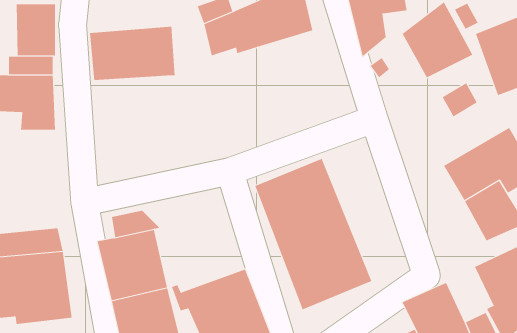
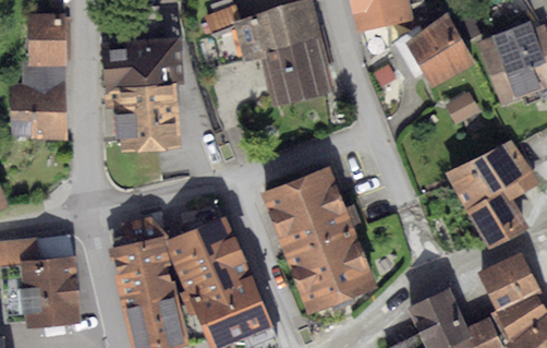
building: none -> [265,40,333,105]
building: none -> [104,85,180,152]
building: none -> [167,216,253,298]

